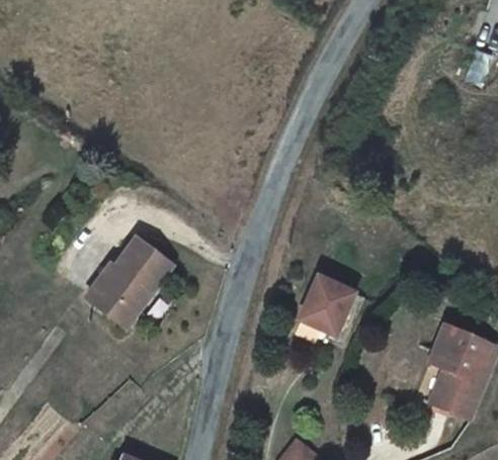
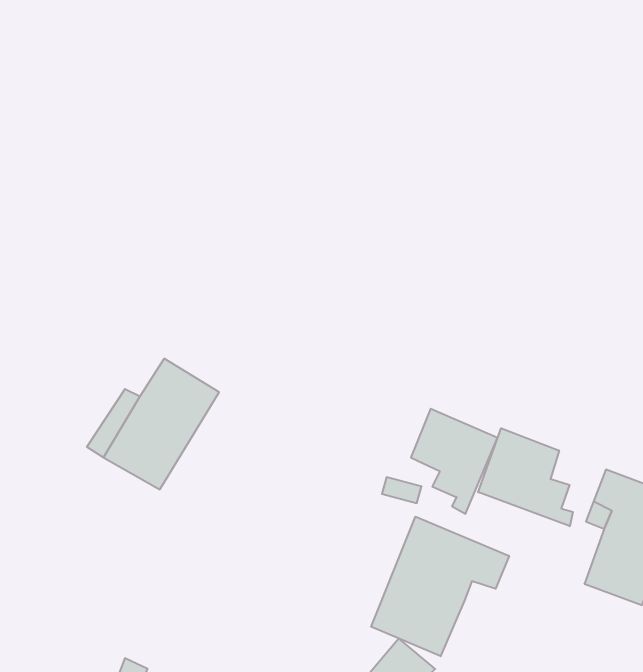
building: none -> [478,428,573,526]
building: none -> [371,517,509,656]

